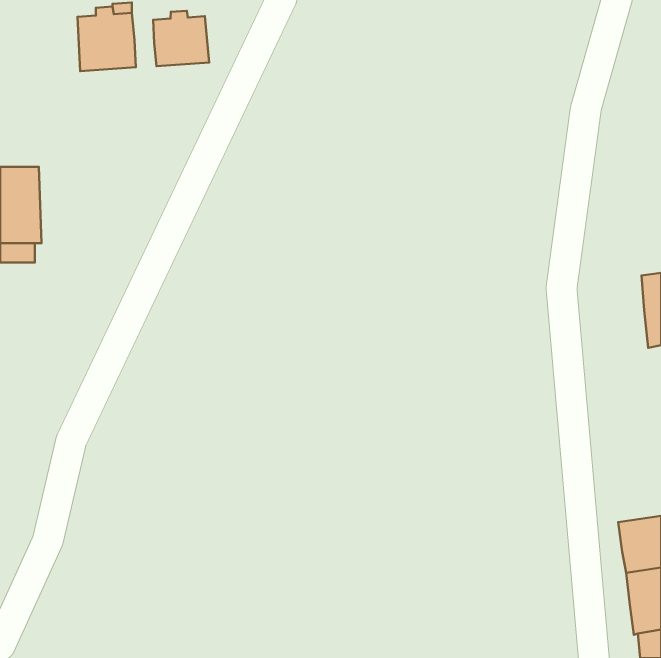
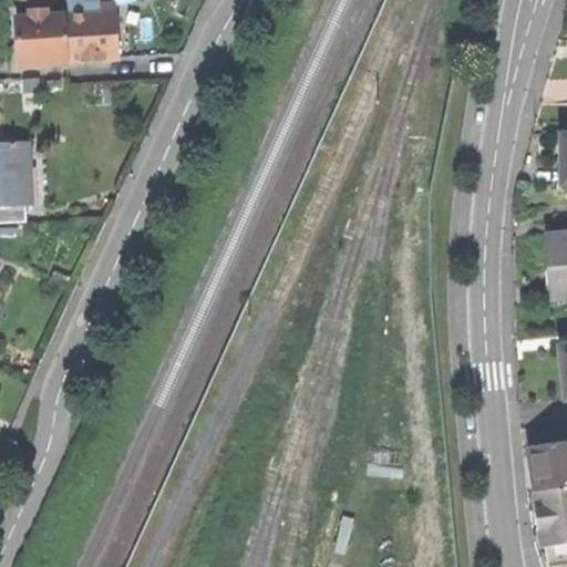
building: none -> [17,8,69,64]
building: [153,11,209,66] -> none

